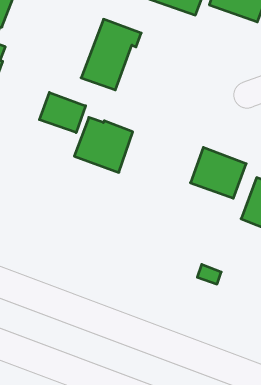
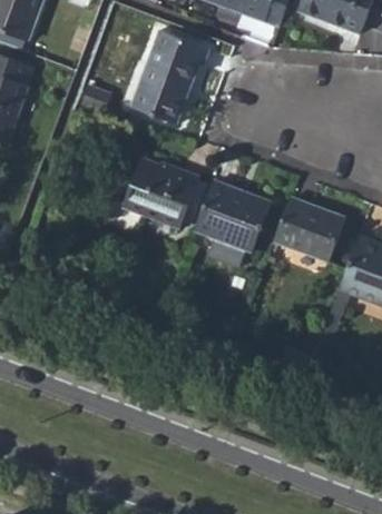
building: [39,92,86,133] -> none
building: none -> [194,180,268,249]

